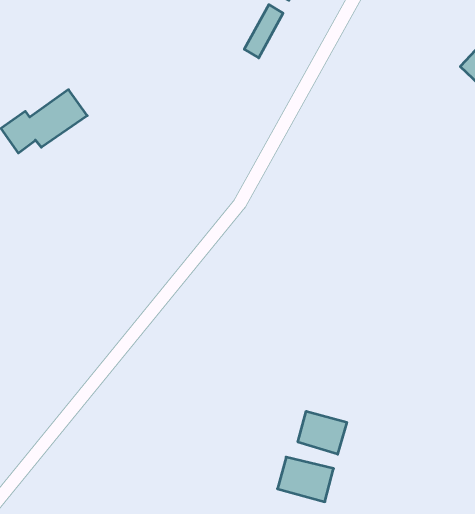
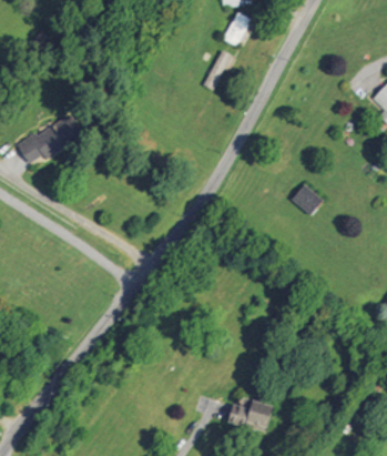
building: none -> [292,184,322,214]
building: [298,411,347,454] -> none

